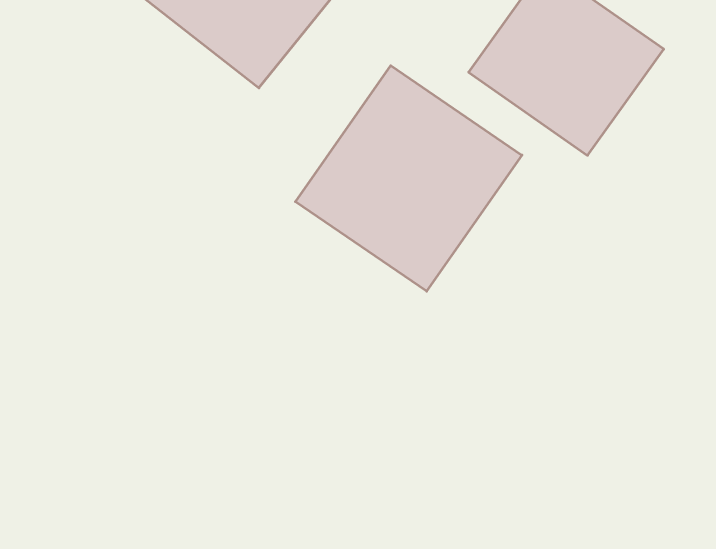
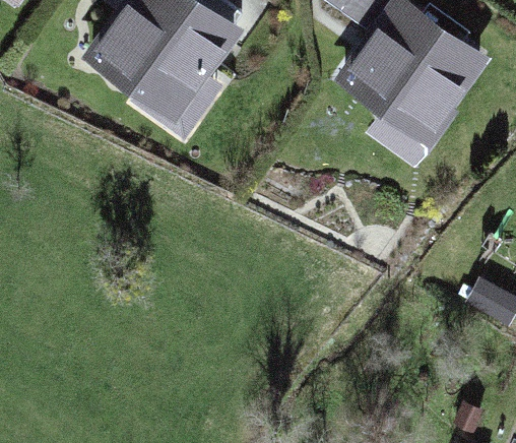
building: [295,66,522,291] -> none

